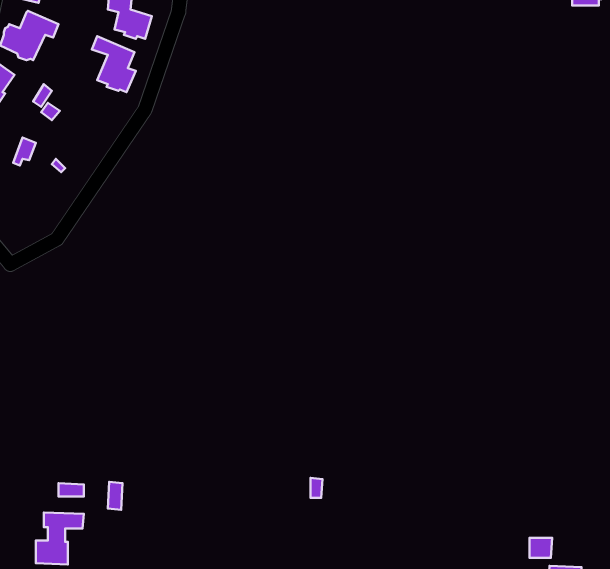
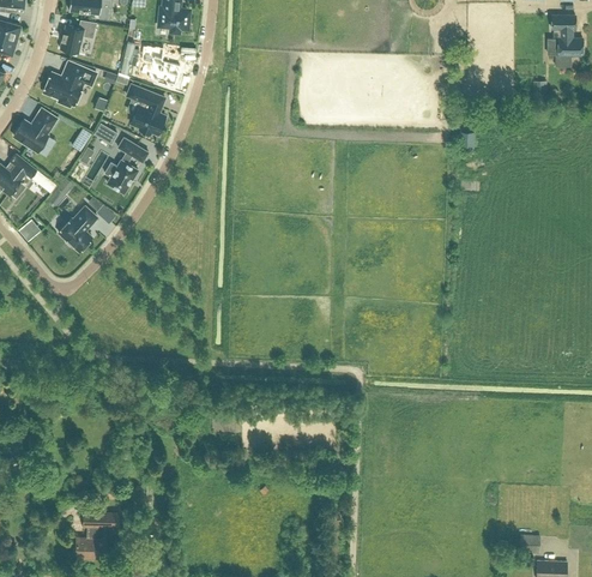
building: none -> [107,138,147,193]
building: none -> [58,206,97,252]

